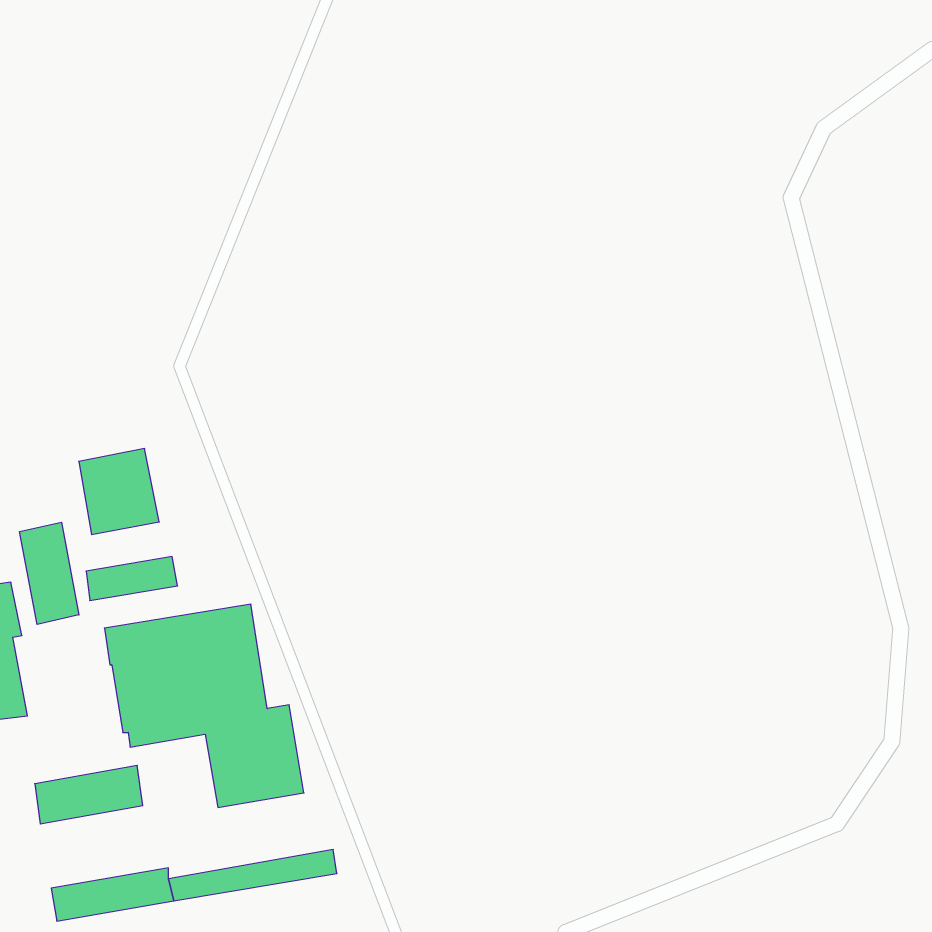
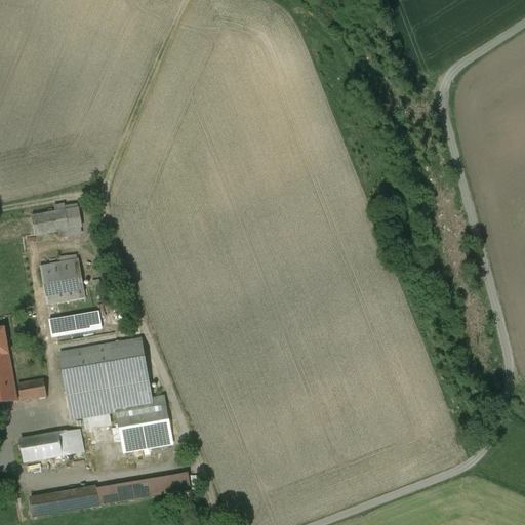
building: none -> [33,202,73,231]
building: [20,522,79,624] -> none
building: none -> [17,379,45,400]

